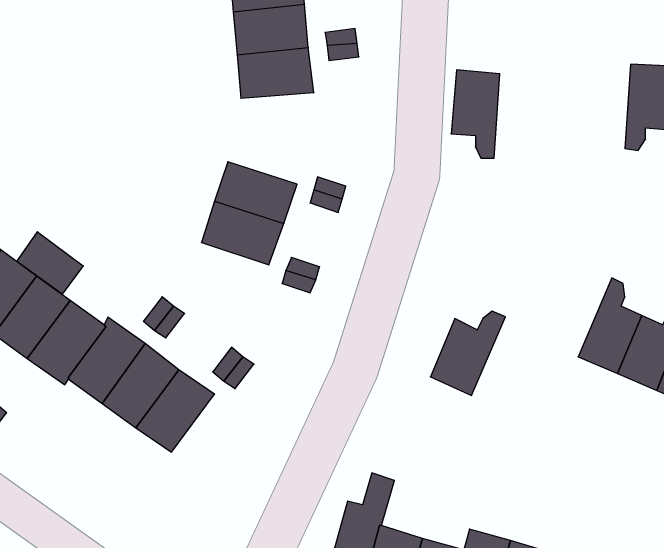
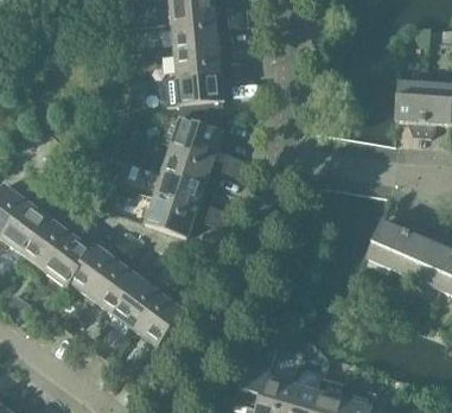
building: [451,70,500,158] -> [393,80,424,135]
building: none -> [168,116,221,158]
building: [17,232,83,294] -> none
building: none -> [142,195,195,236]
building: [430,311,505,395] -> [364,214,412,267]
building: none -> [133,291,183,344]

